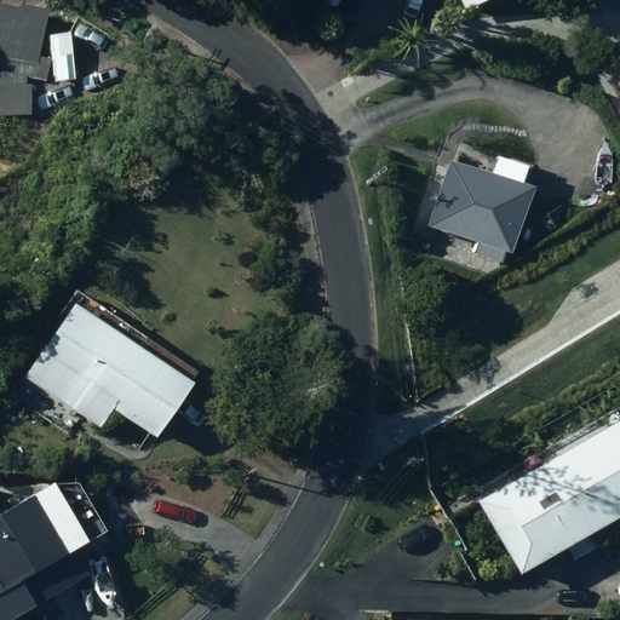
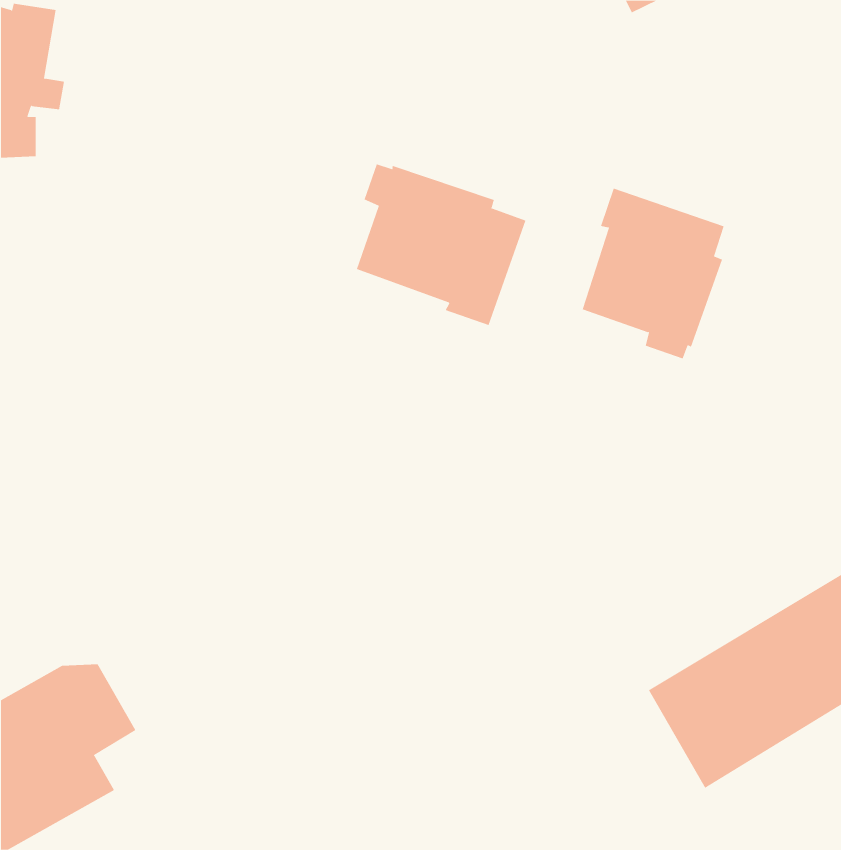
building: none -> [356,164,526,326]
building: [12,303,190,437] -> none

